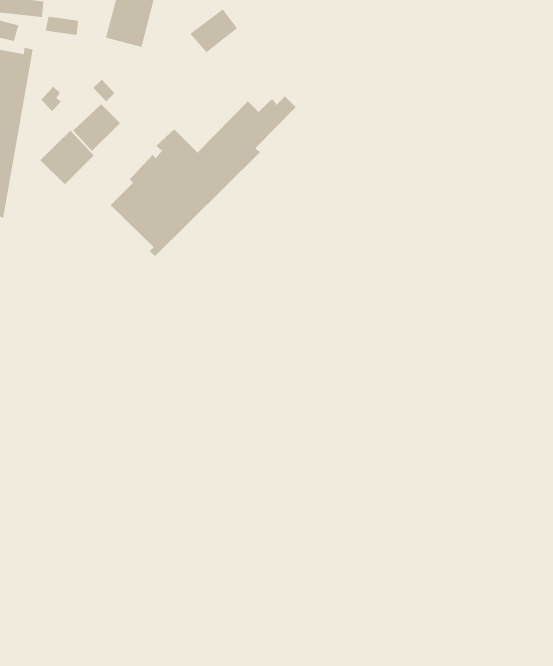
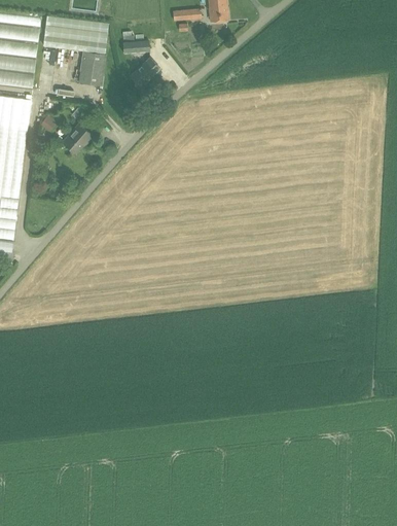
building: [110,95,296,257] -> none
building: [40,130,95,185] -> none

